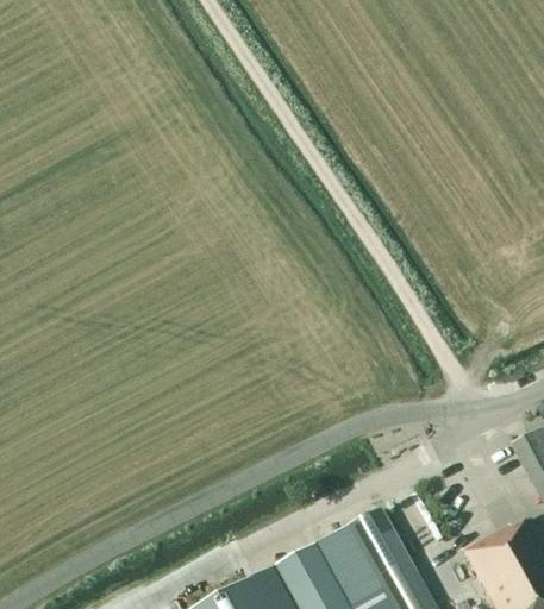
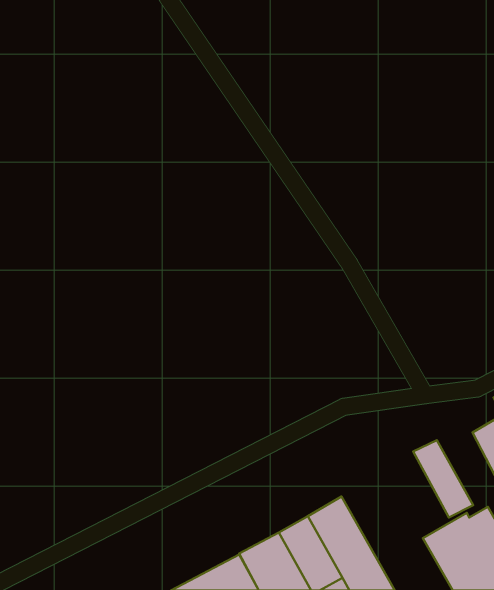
building: none -> [413,440,473,518]

